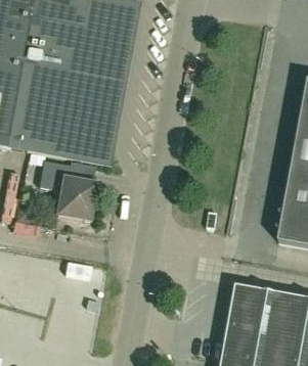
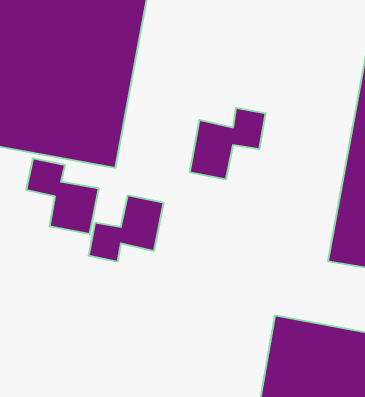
building: none -> [190,108,265,179]
building: none -> [89,195,163,262]

